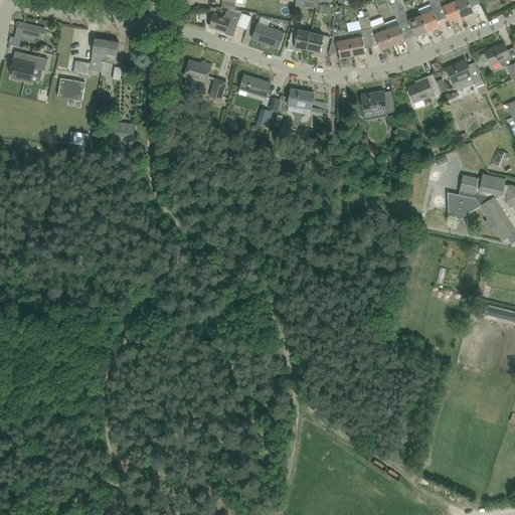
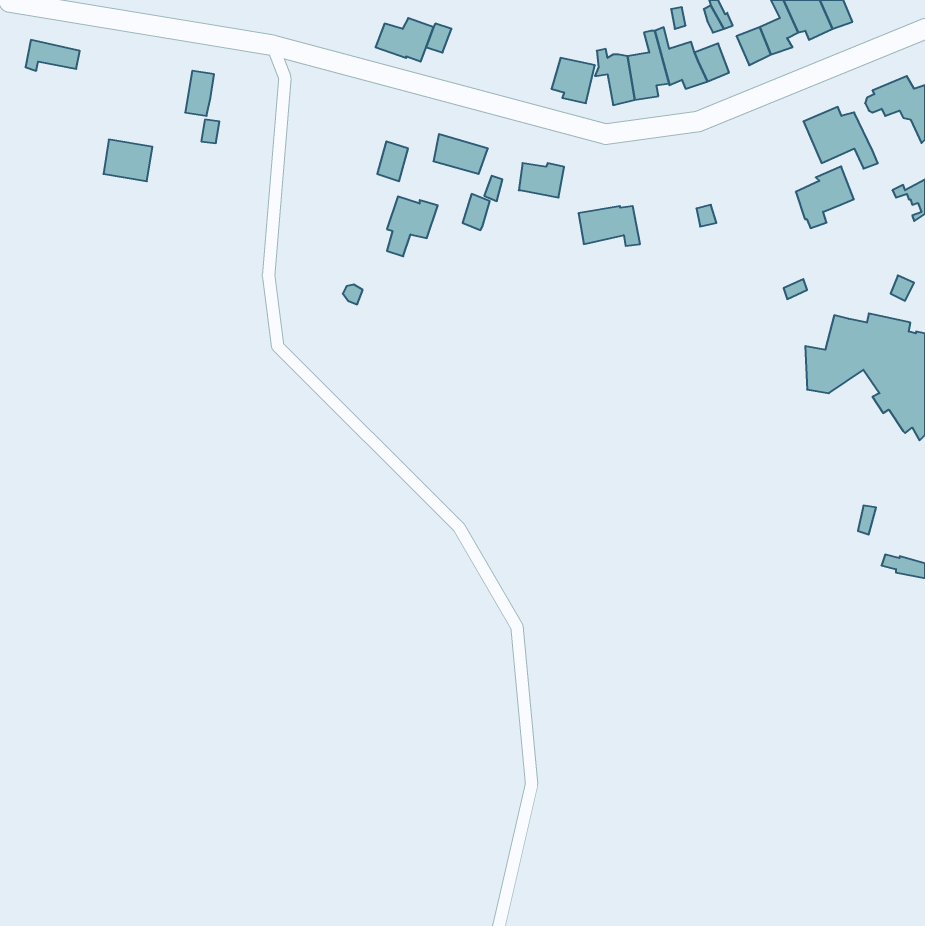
building: [251,23,284,47] -> none
building: [287,27,311,51] -> none
building: [73,37,107,74] -> none
building: [10,54,47,81] -> none
building: [183,59,211,93] -> [387,196,438,256]
building: [407,73,440,108] -> [796,166,854,228]
building: [360,91,394,113] -> [578,206,640,246]
building: [109,122,134,143] -> none

